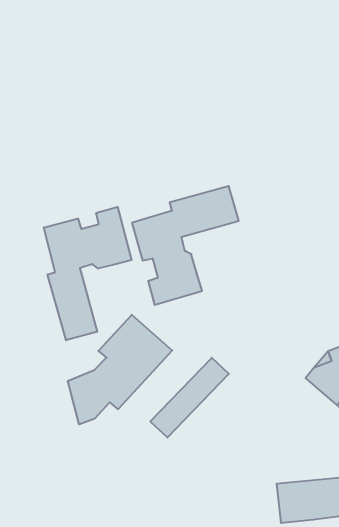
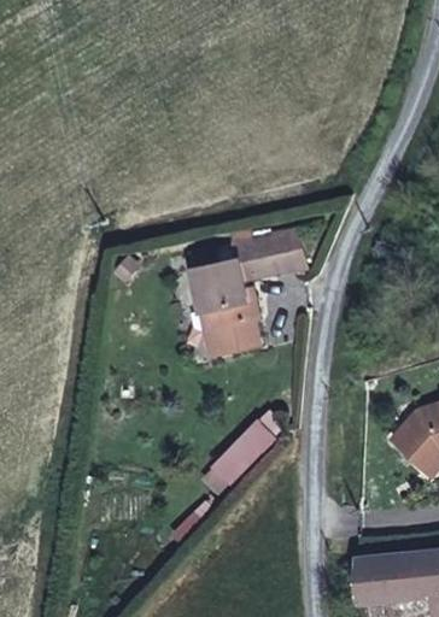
building: [44,207,131,340] -> none
building: [68,315,172,424] -> none

